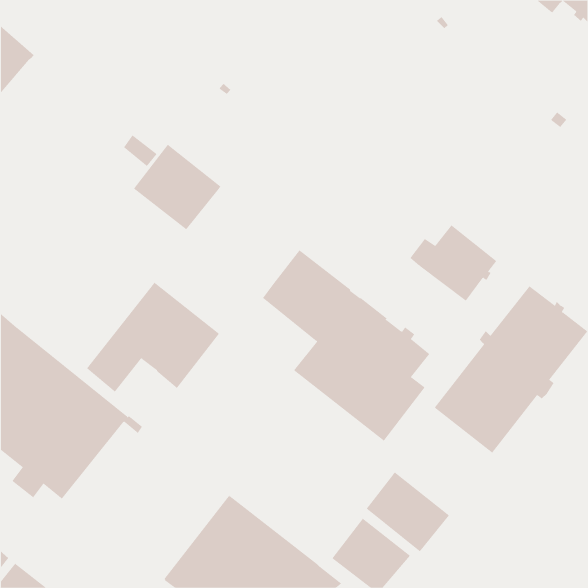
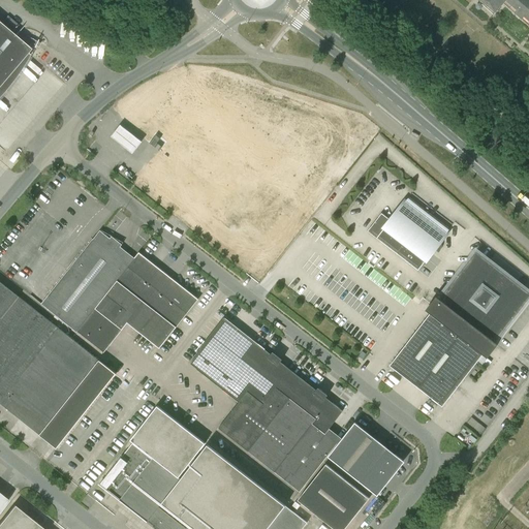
building: [133,144,221,230] -> none
building: [262,249,430,442] -> [190,319,341,492]
building: none -> [41,231,134,332]
building: none -> [100,408,206,520]

